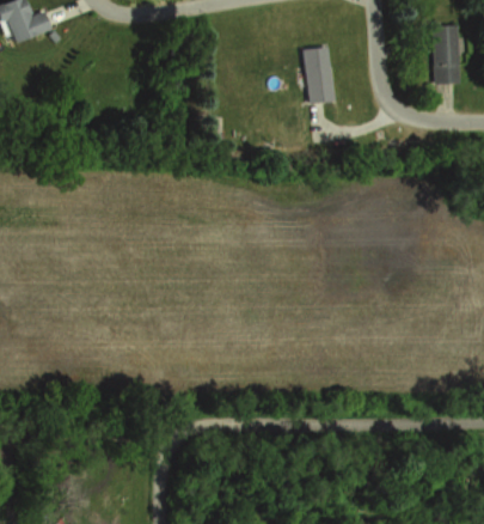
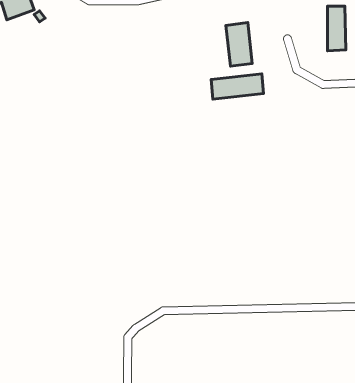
building: none -> [211,74,264,99]

